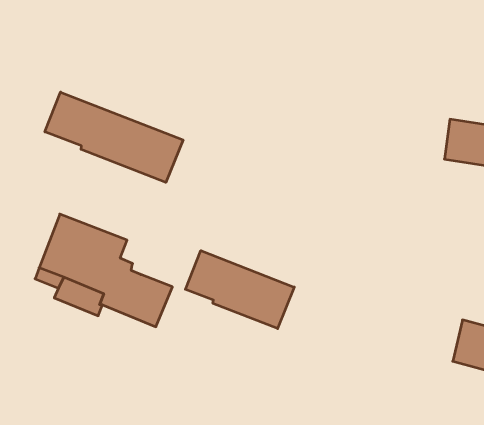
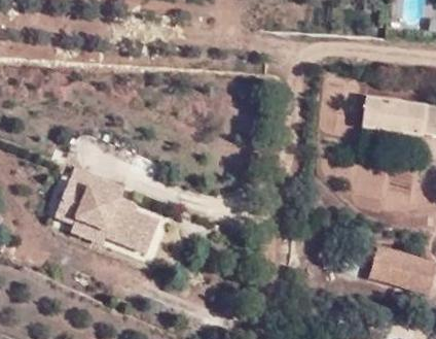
building: [45,92,183,182] -> none
building: [185,251,294,329] -> none

